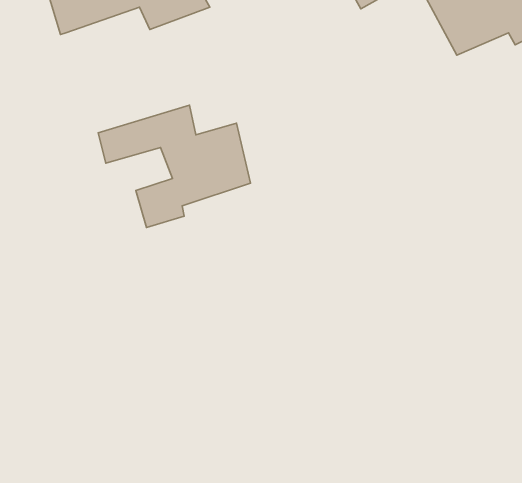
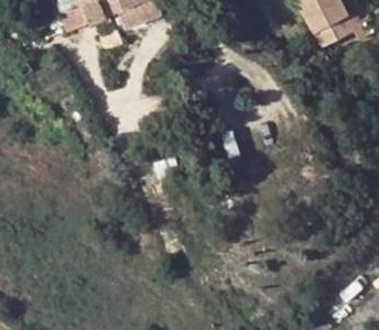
building: [98,105,251,227] -> none

